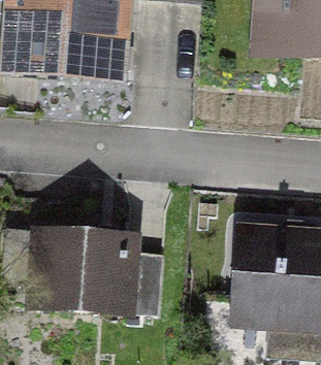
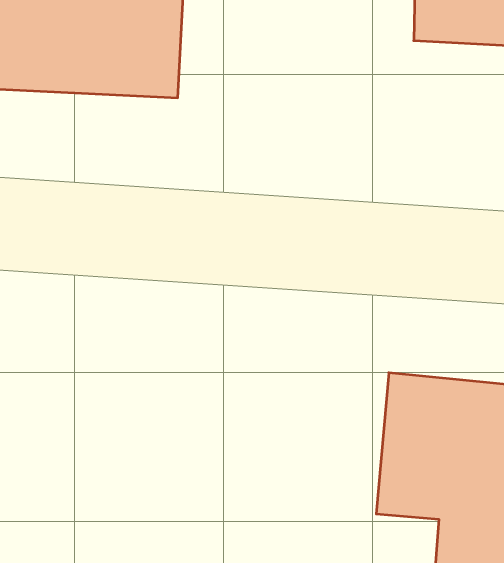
building: [38,234,155,317] -> none

